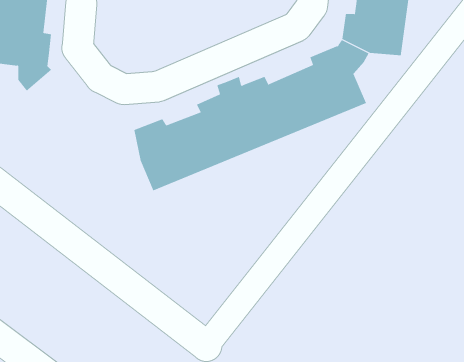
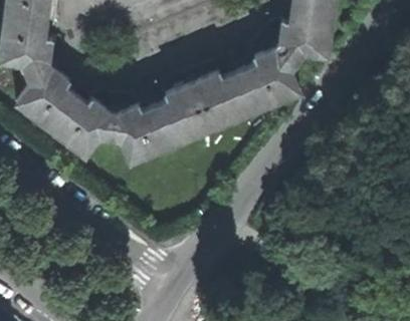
building: none -> [15,64,121,153]

